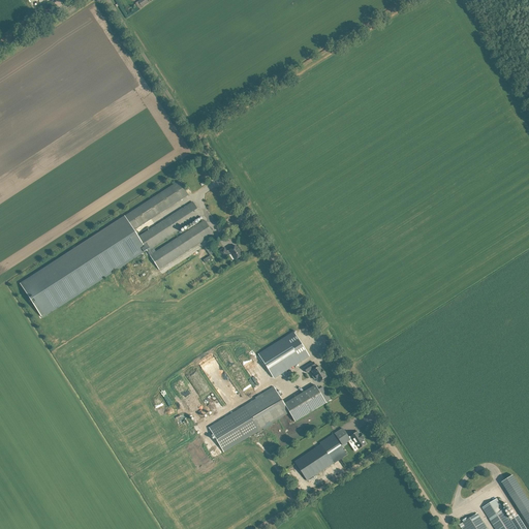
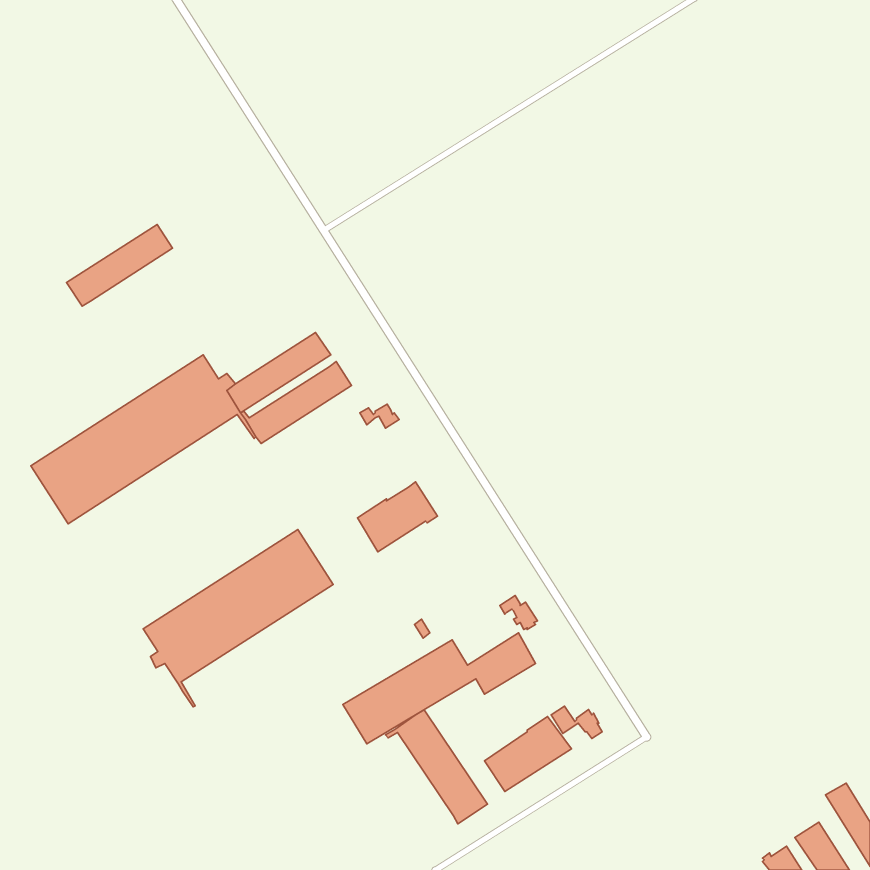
building: [123,180,187,229] -> [67,224,172,306]
building: none -> [143,529,333,707]
building: [258,333,307,375] -> [357,482,438,552]
building: none -> [386,710,487,824]

